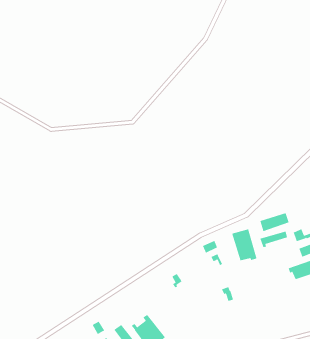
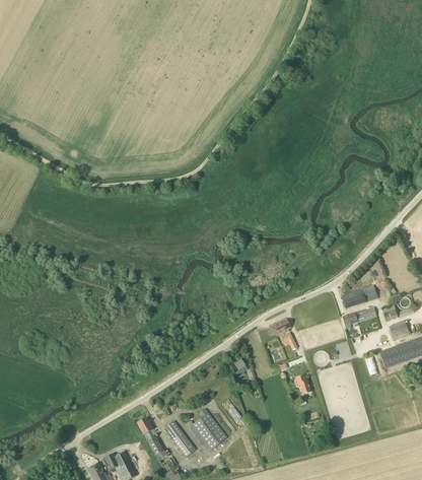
building: [231,229,257,261] -> none

